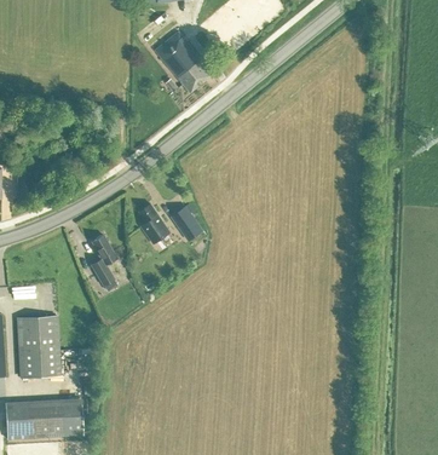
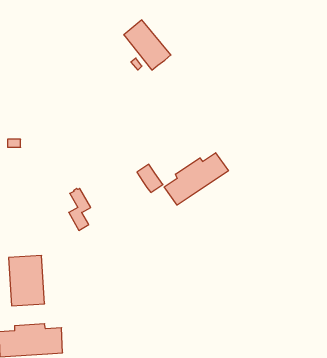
building: none -> [164,153,228,205]
building: [139,203,171,243] -> none

